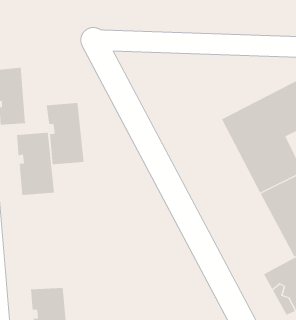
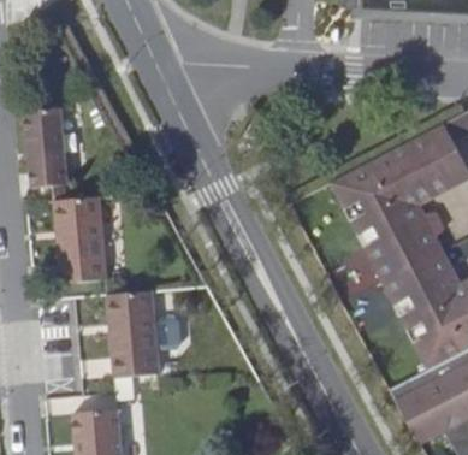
building: [46,103,84,165] -> [105,291,158,377]

